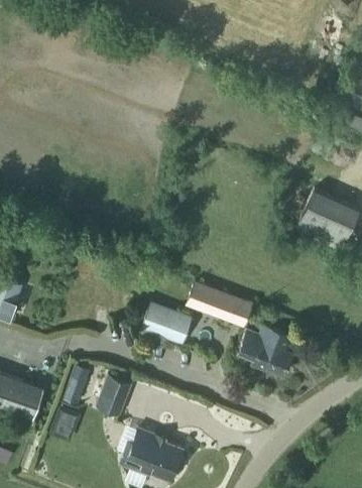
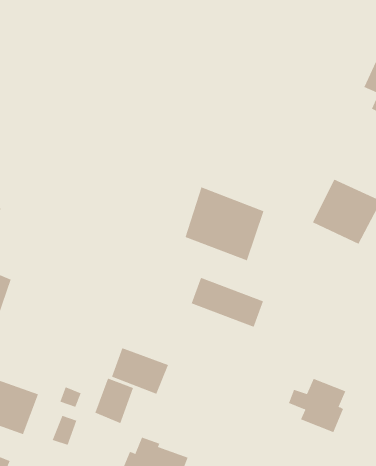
building: none -> [185,186,264,261]
building: [140,302,194,346] -> [111,347,169,394]
building: [241,325,294,375] -> [288,378,346,433]

